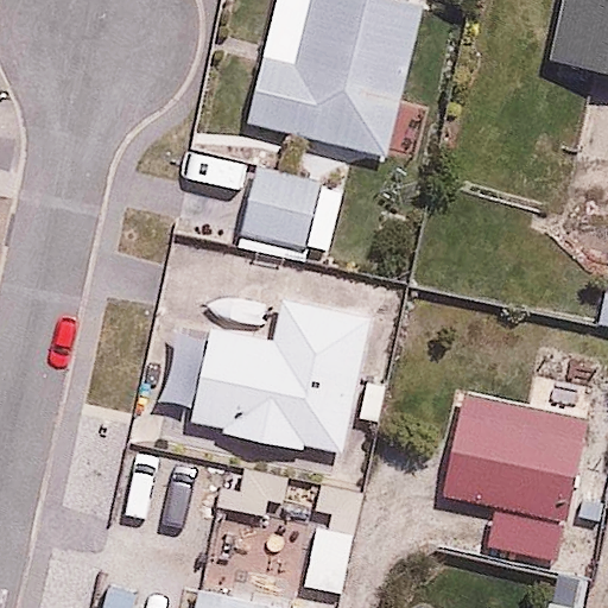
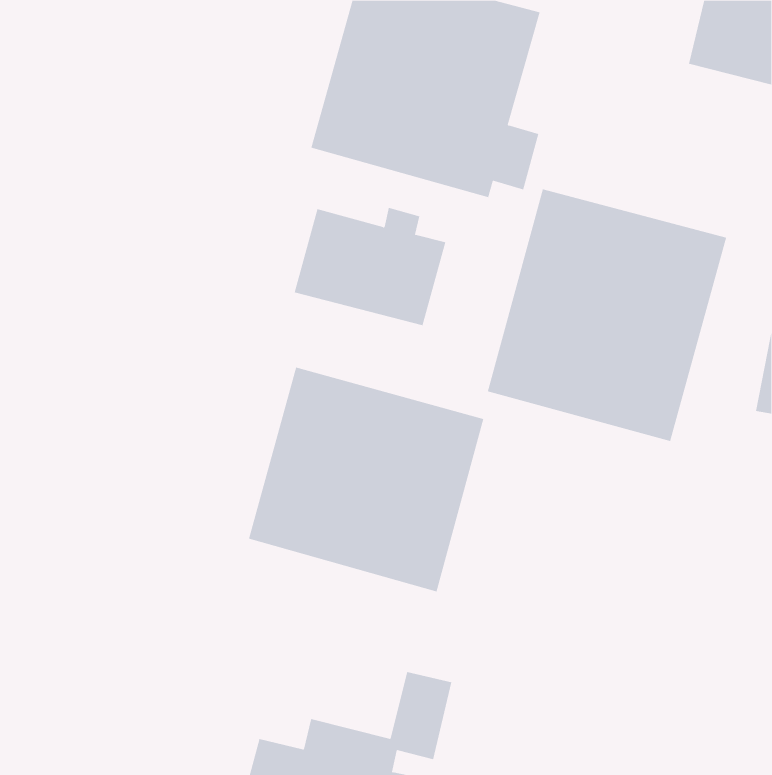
building: none -> [487,189,727,442]
building: [448,395,587,520] -> none

